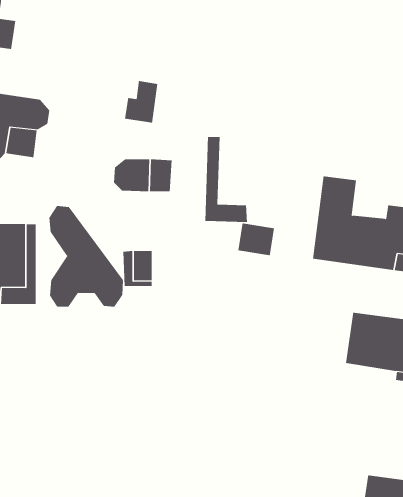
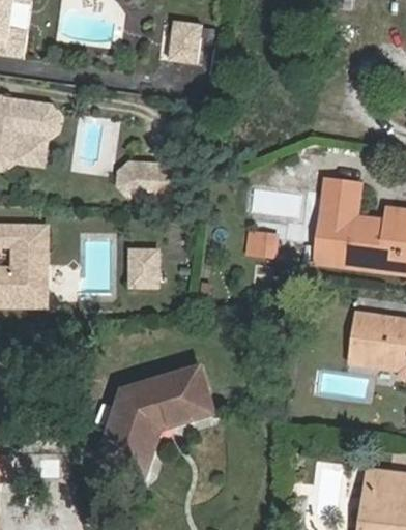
building: [124,81,158,123] -> [168,20,201,61]
building: [205,136,247,223] -> none
building: [49,205,123,307] -> none
building: none -> [99,366,210,472]

